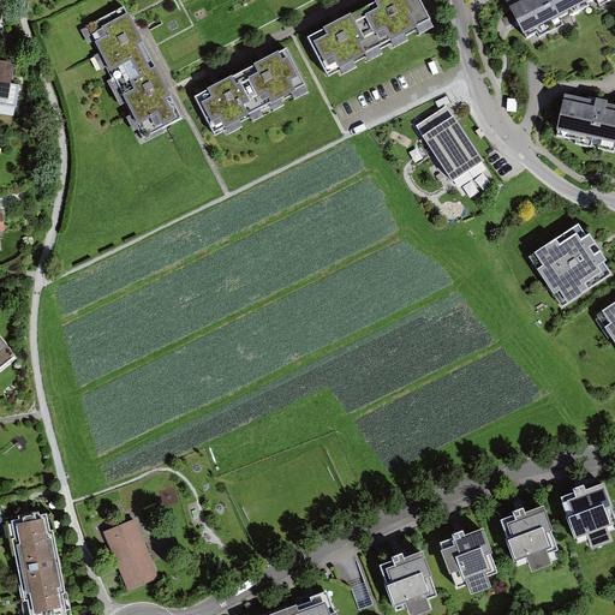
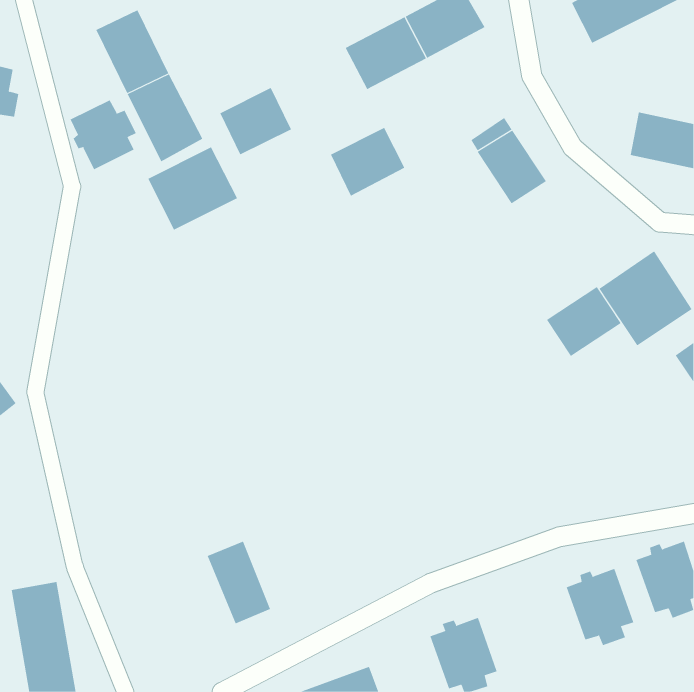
building: [239,53,305,114] -> [330,127,405,197]
building: none -> [70,100,137,170]
building: none -> [147,146,238,230]
building: none -> [546,286,622,357]
building: [101,513,157,586] -> [207,541,271,624]
building: [440,529,495,595] -> none

